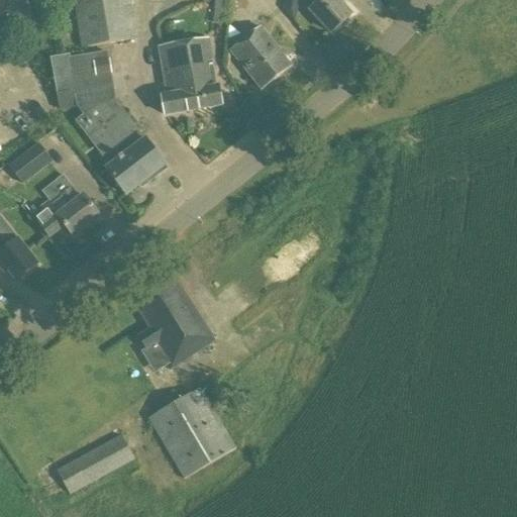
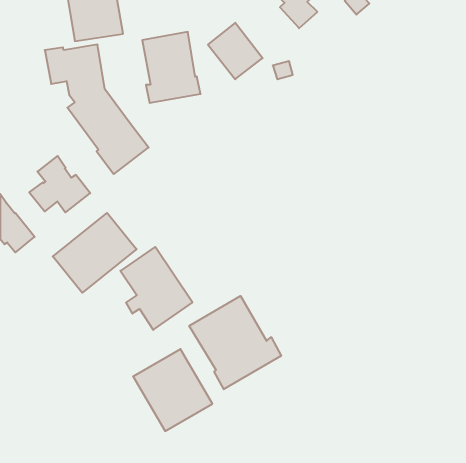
building: [8,141,53,184] -> none
building: none -> [53,213,137,293]
building: none -> [189,296,281,389]
building: [57,433,135,493] -> none

